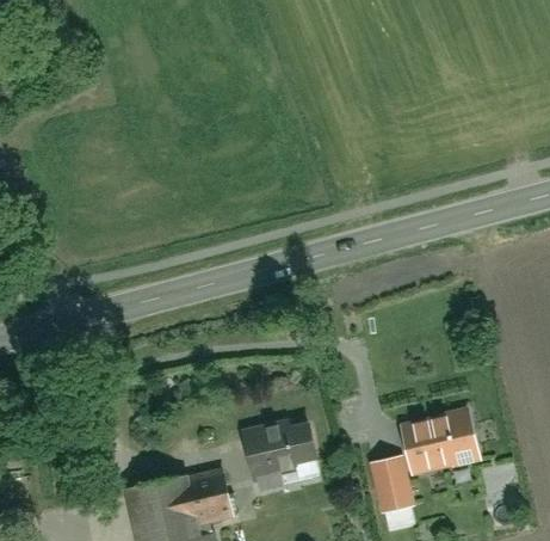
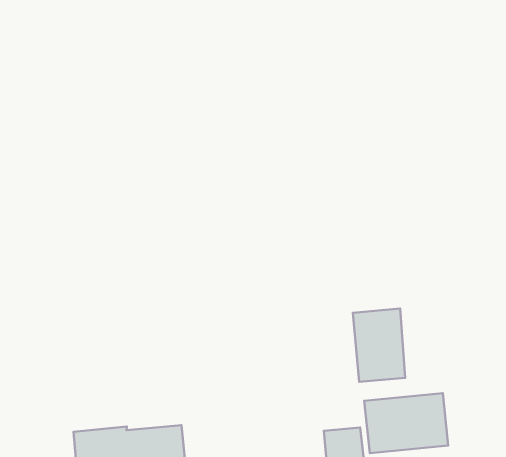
building: none -> [353,308,405,382]
building: [240,418,326,485] -> none

